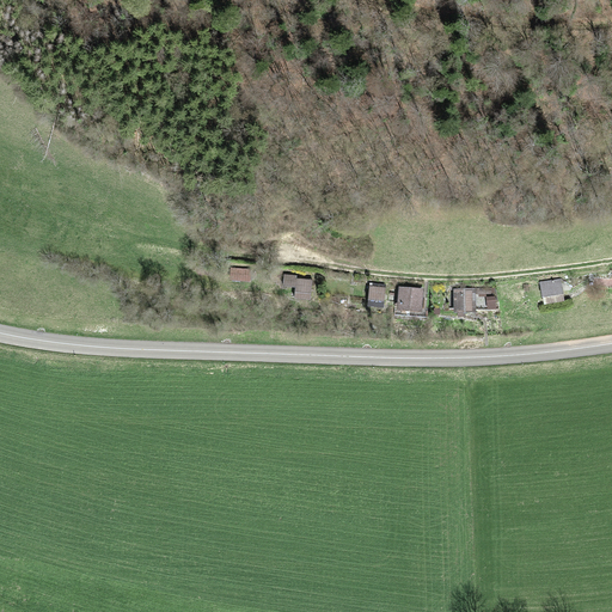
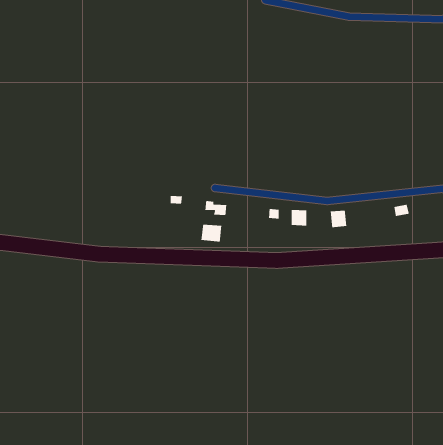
building: none -> [201,224,222,243]

